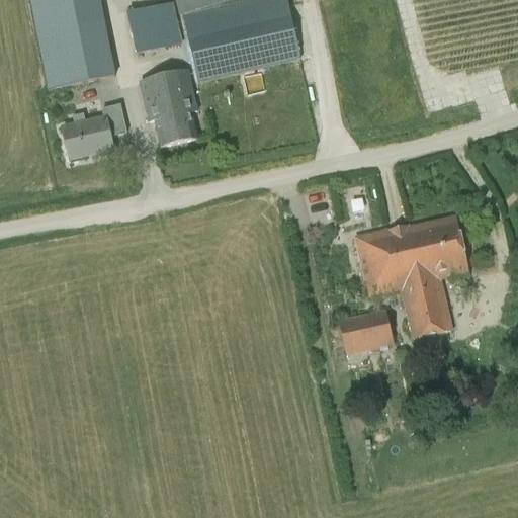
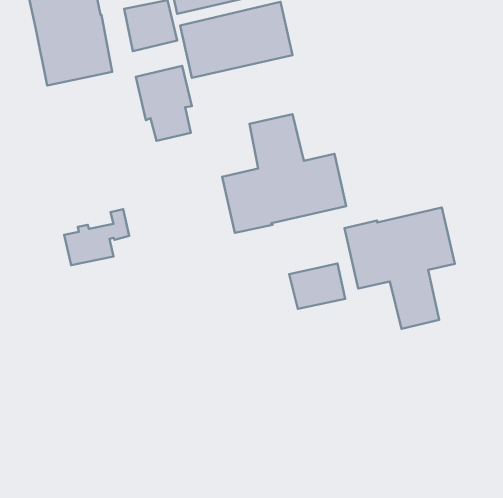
building: [62,99,128,157] -> [64,209,129,265]
building: none -> [222,114,346,233]
building: [337,307,395,353] -> [289,263,345,309]

